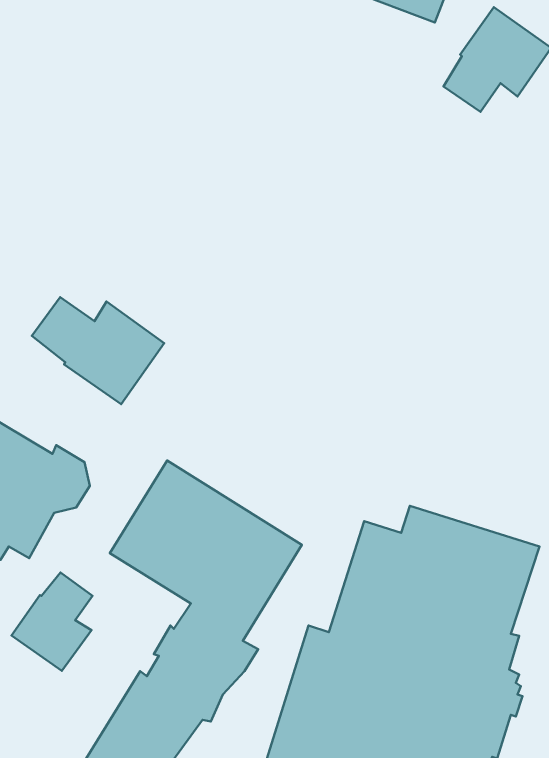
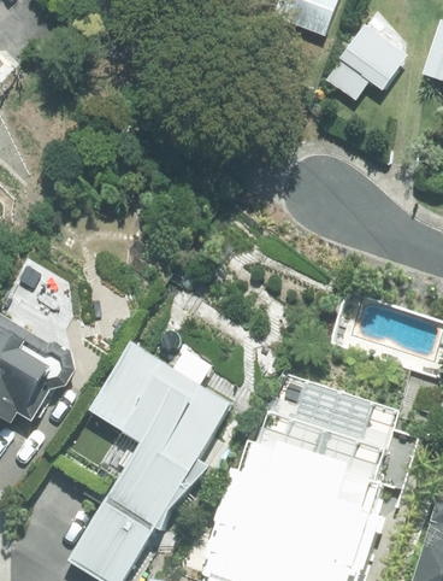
building: [32,297,164,404] -> none
building: [12,573,92,671] -> none

